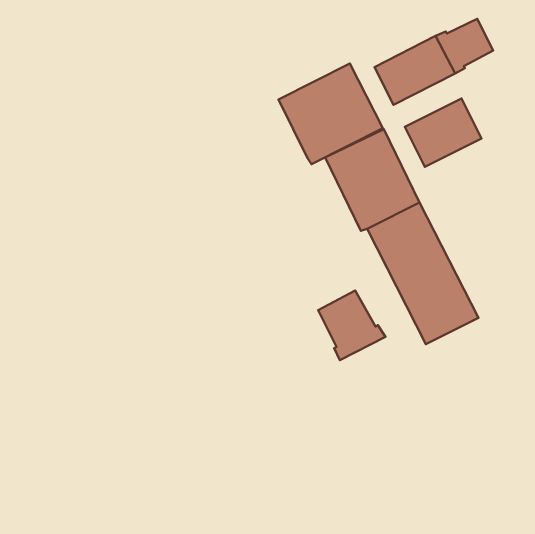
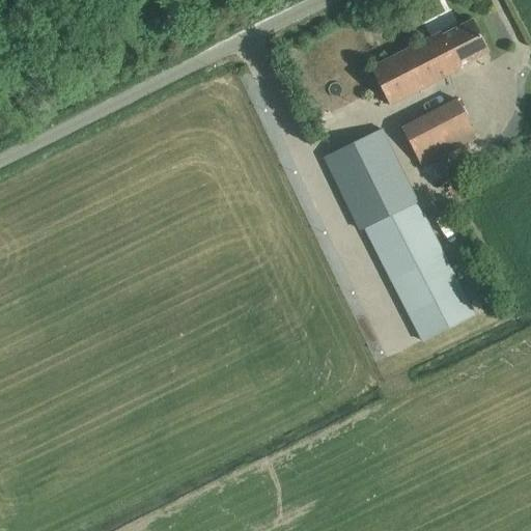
building: [279,63,383,164] -> none
building: [318,290,385,360] -> none

